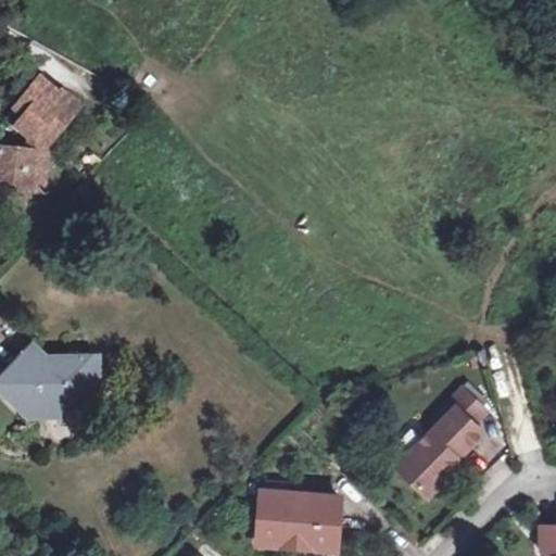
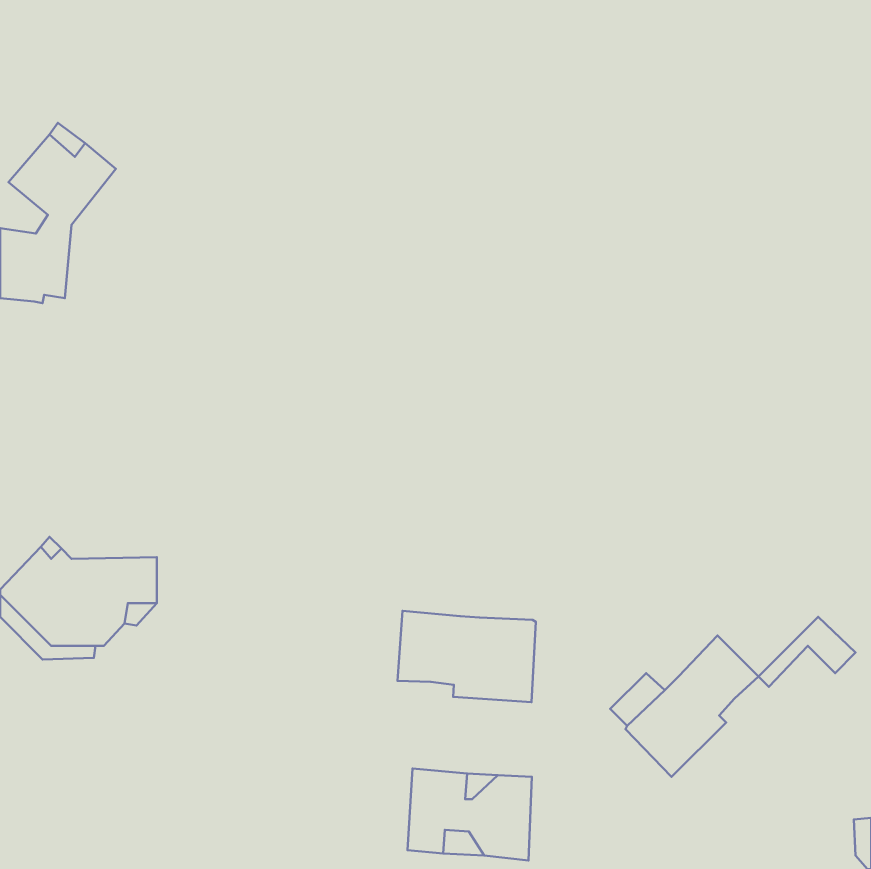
building: [426,387,488,431] -> [759,617,856,687]
building: none -> [398,611,536,702]

